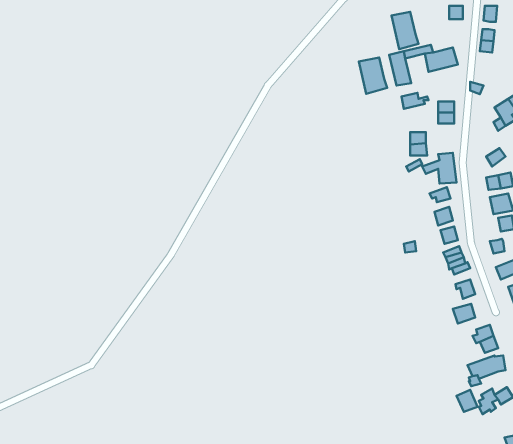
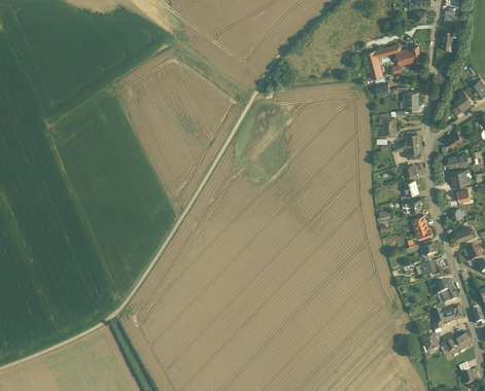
building: [391,12,419,49] -> none
building: [359,57,387,94] -> none

